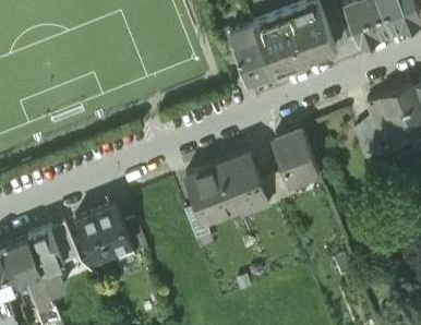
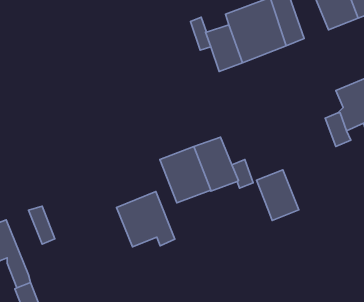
building: [274,131,317,183] -> [256,170,299,221]
building: [75,203,135,260] -> [117,192,175,247]
building: [27,228,64,294] -> none

